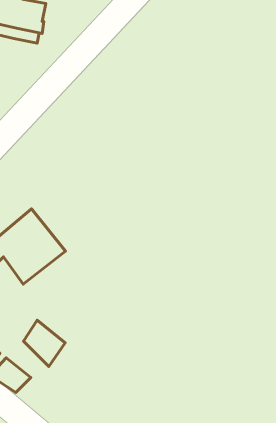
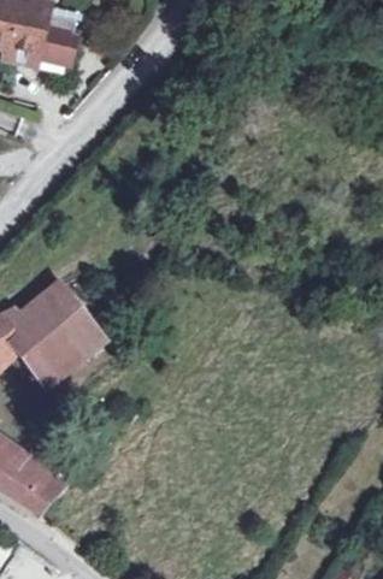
building: [24,320,65,367] -> none

